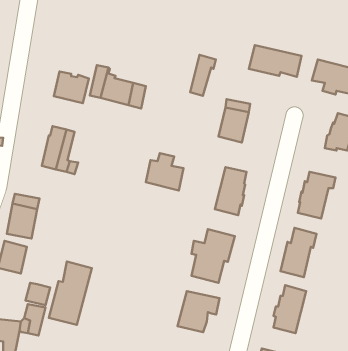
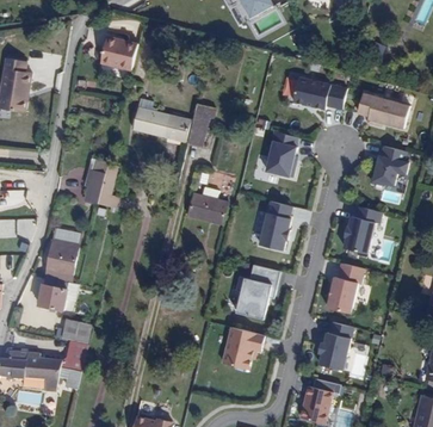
building: [190,55,216,96] -> [186,104,212,146]
building: [54,71,89,103] -> [100,37,136,69]
building: [49,261,92,325] -> none

